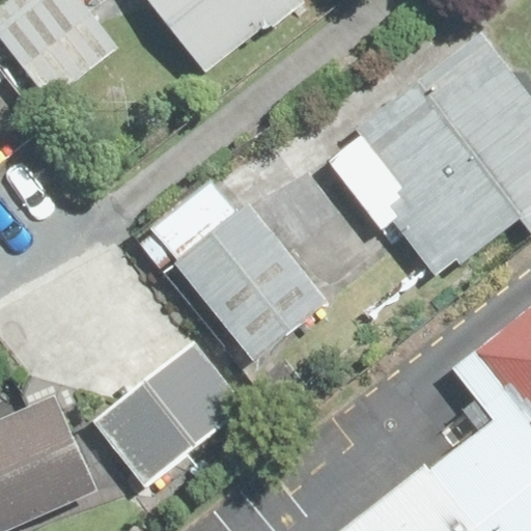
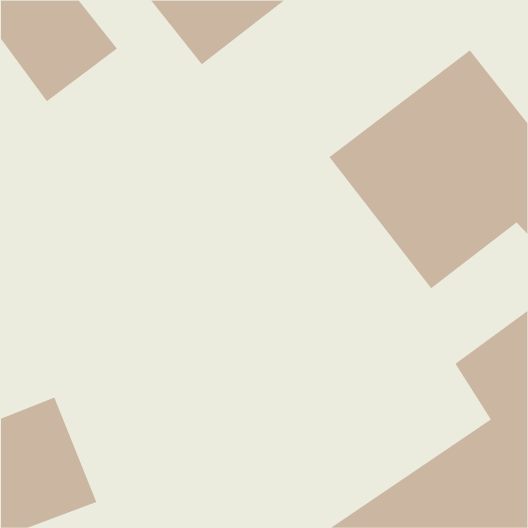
building: [151,175,329,361] -> none
building: [86,332,255,491] -> none

